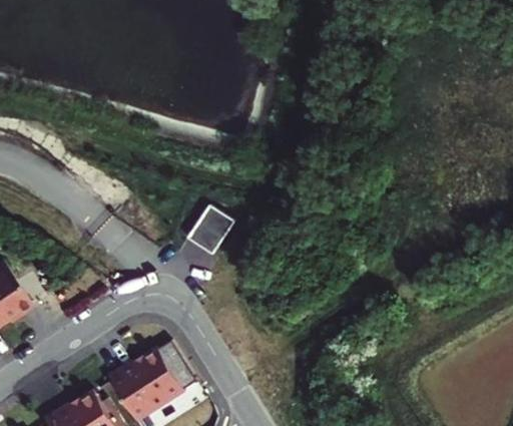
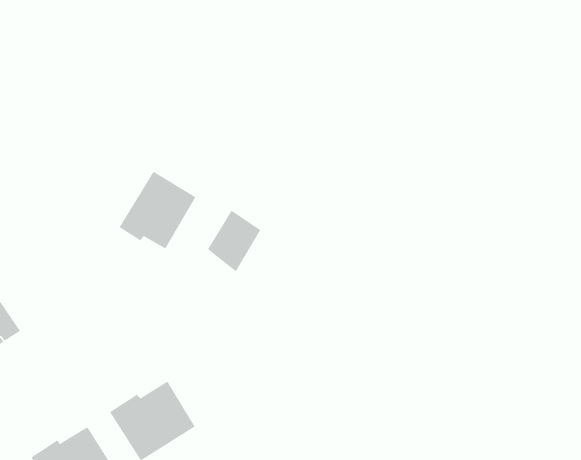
building: none -> [119,171,196,249]

